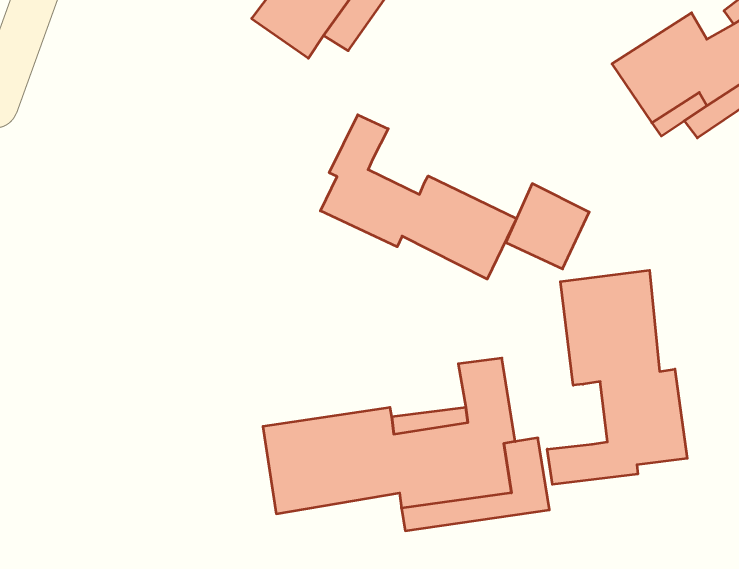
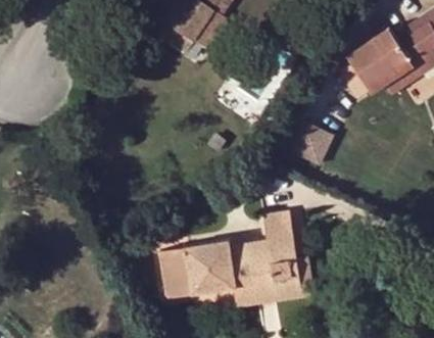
building: [320,115,517,279] -> none
building: [547,270,687,484] -> none

